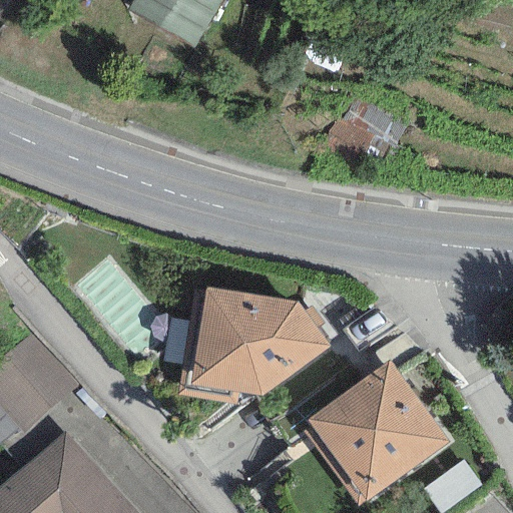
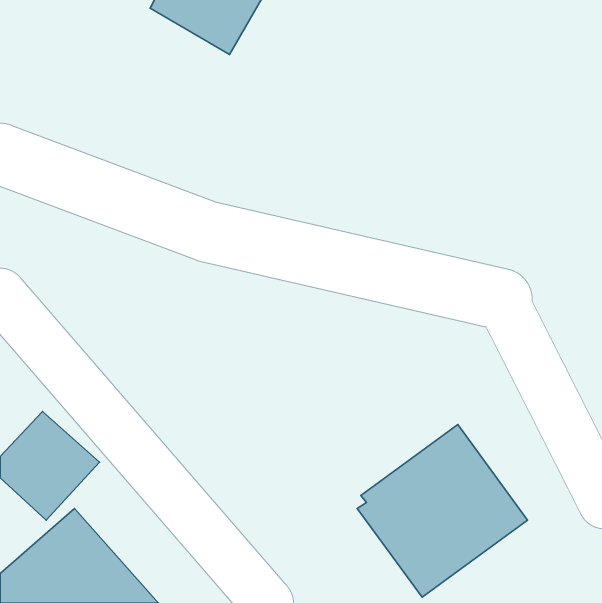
building: [178,288,332,405] -> none

